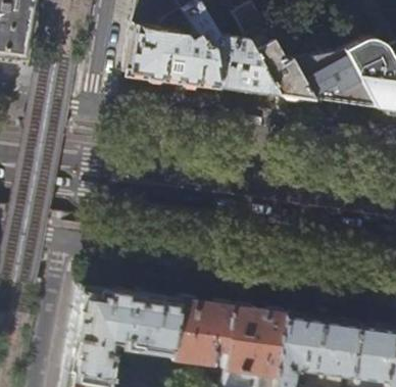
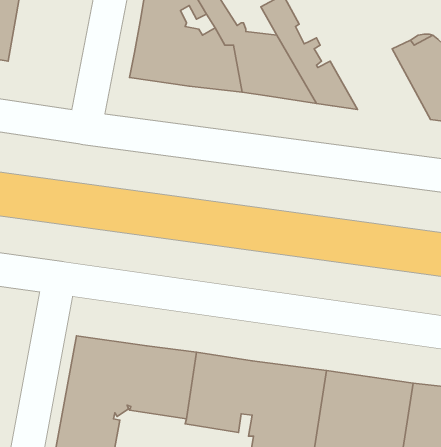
building: [274,26,370,108] -> none

